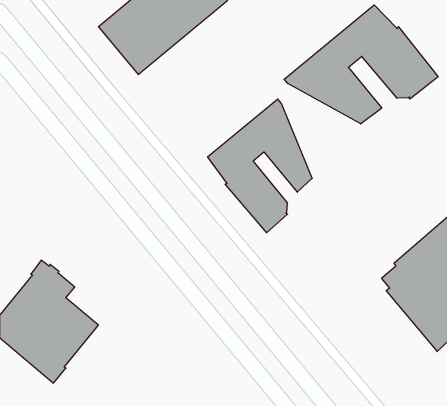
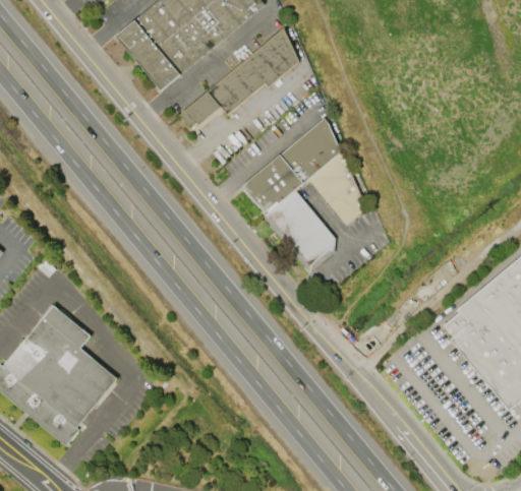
building: [284,5,438,124] -> none
building: none -> [183,27,302,128]

